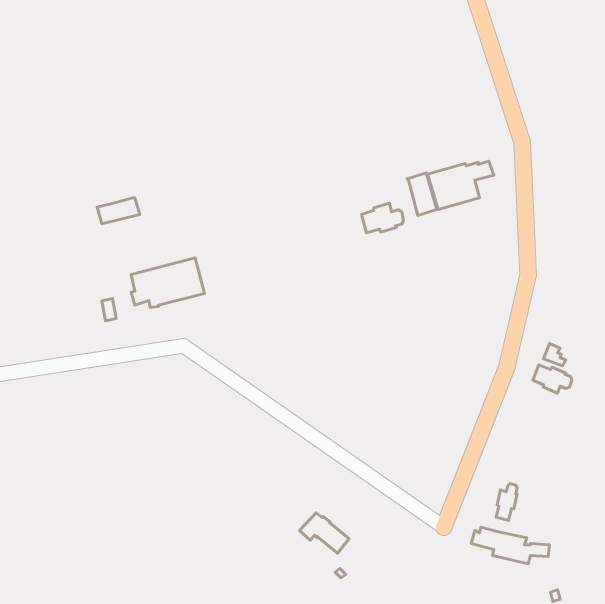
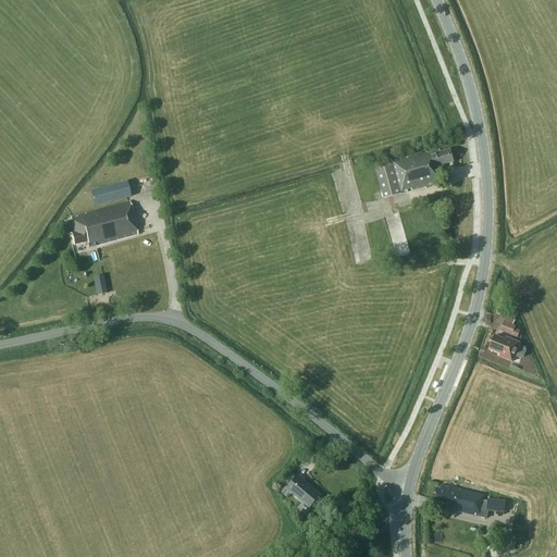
building: [362,203,404,233] -> none
building: [131,258,205,308] -> [71,201,138,247]
building: [496,483,517,521] -> none

